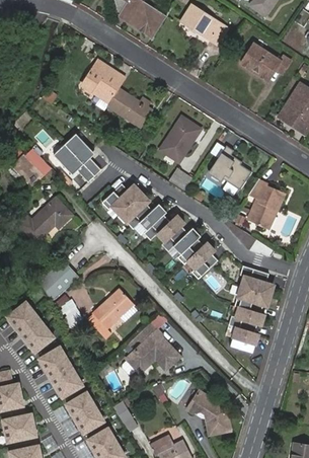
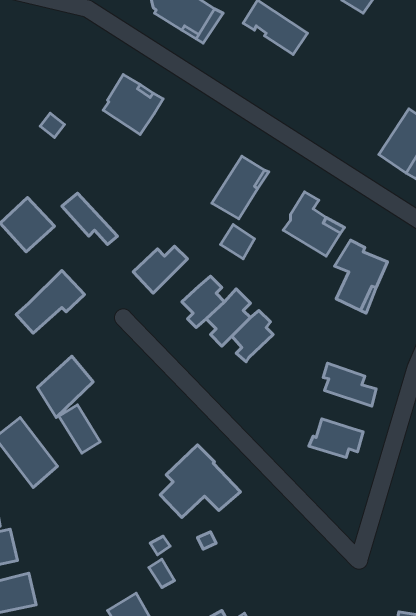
building: [239,43,292,83] -> none
building: [107,87,152,129] -> none
building: [66,132,100,174] -> none
building: [120,190,152,229] -> none
building: [187,240,219,280] -> none
building: [235,284,275,311] -> none
building: [92,291,132,330] -> none
building: [227,323,261,352] -> none
building: [38,347,81,396] -> none
building: [186,389,230,435] -> none
building: [66,392,102,433] -> none

